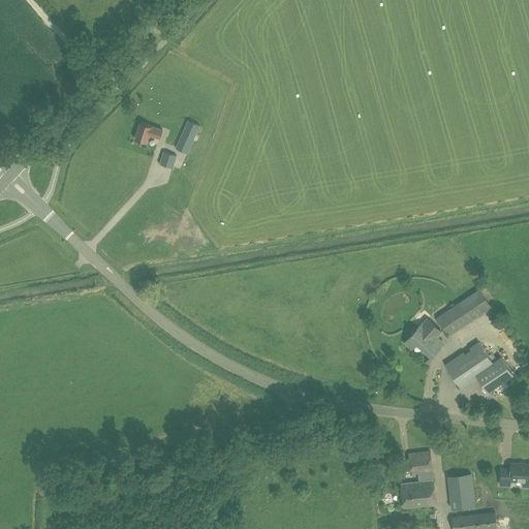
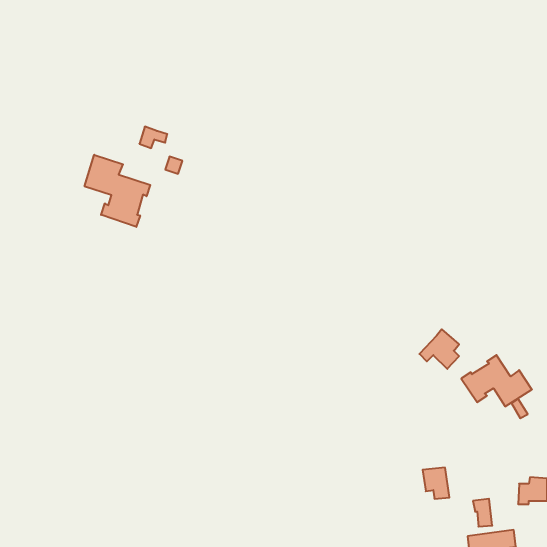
building: [175,120,200,154] -> none
building: none -> [85,155,150,227]
building: [436,289,491,337] -> none
building: [400,480,436,508] -> none

